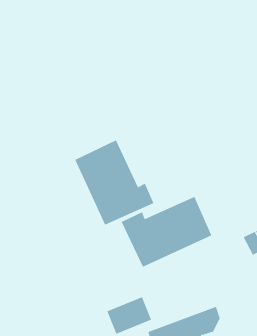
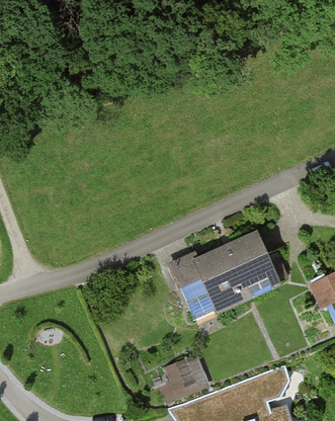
building: [74,140,154,226] -> none

